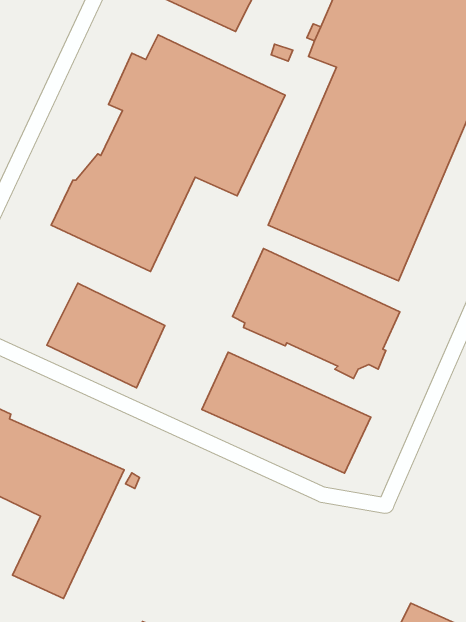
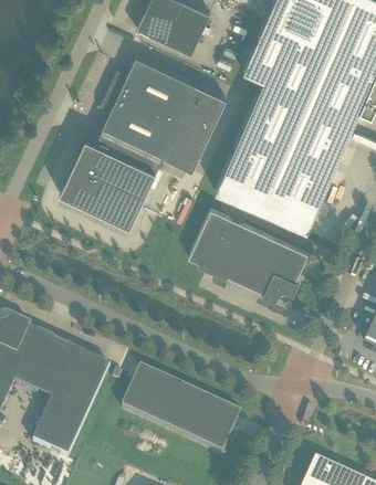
building: [47,283,165,388] -> none
building: [202,352,371,473] -> [122,367,242,453]

